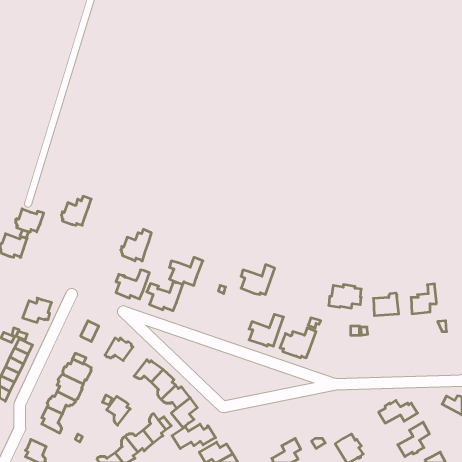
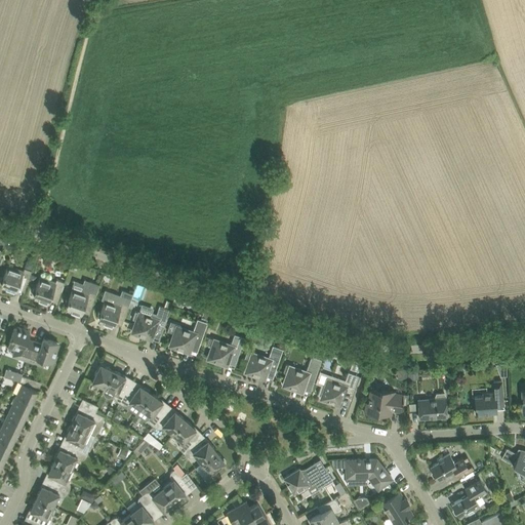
building: [61,196,91,225] -> [65,282,98,315]
building: [16,209,44,232] -> [32,277,64,304]
building: [121,229,151,261] -> [96,291,131,327]
building: [169,257,203,285] -> [206,334,244,366]
building: [241,265,275,294] -> [244,346,282,379]
building: [411,284,436,314] -> [474,381,502,415]
building: [329,285,361,308] -> [364,390,401,416]
building: none -> [7,327,33,361]
building: [373,293,399,316] -> [417,394,446,419]
building: none -> [104,370,130,403]
building: [107,396,130,425] -> [139,394,166,427]
building: none -> [345,458,392,490]
building: none -> [35,481,68,507]
building: [172,424,216,449] -> [283,466,332,493]

